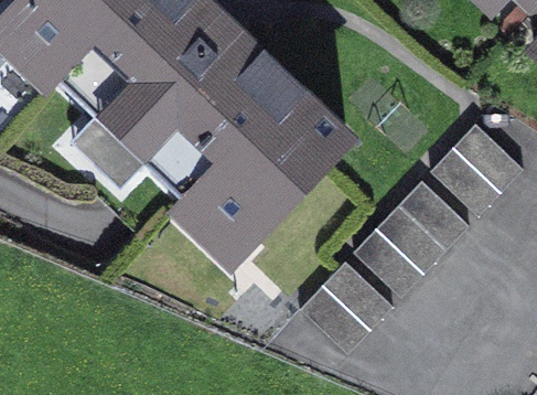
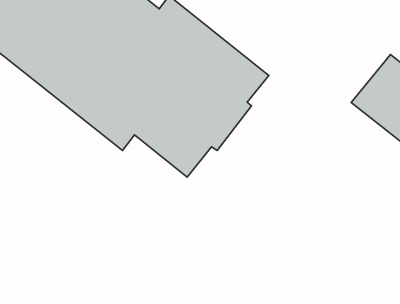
building: [353,181,469,297] -> none
building: [301,261,395,354] -> none

